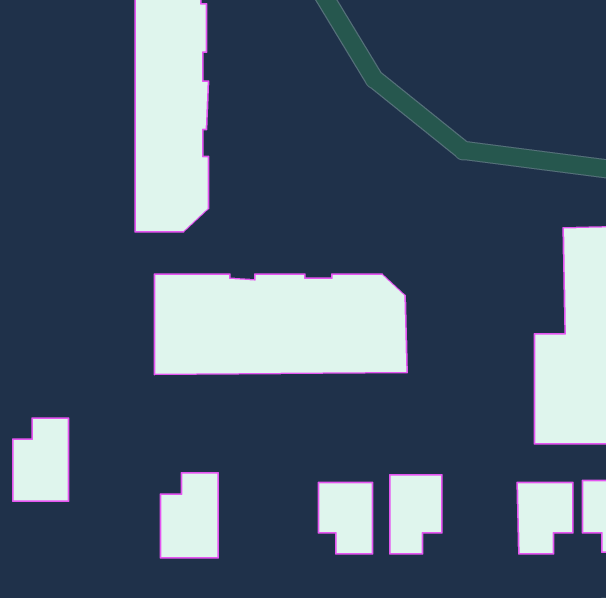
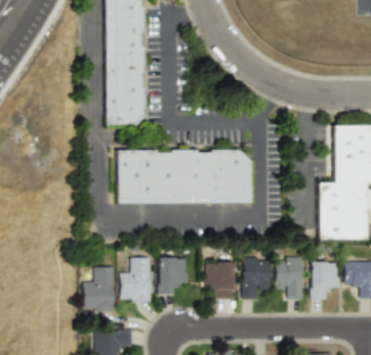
building: [13,418,69,501] -> [84,267,114,311]
building: none -> [158,257,188,294]
building: none -> [275,257,303,300]

